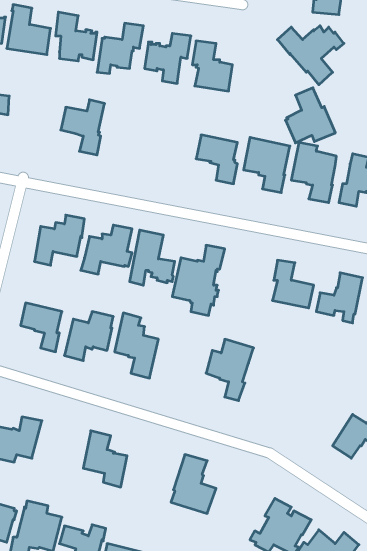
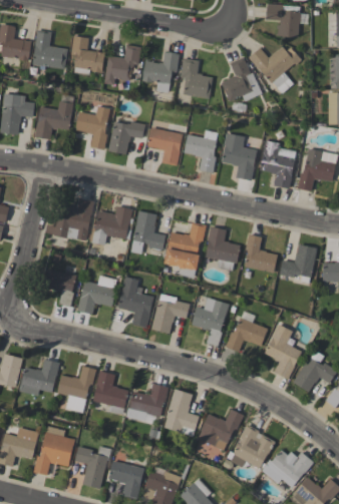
building: [285,88,335,143] -> [222,57,262,101]
building: none -> [34,100,73,139]
building: none -> [107,121,145,154]
building: none -> [147,127,183,165]
building: none -> [206,225,241,270]
building: none -> [151,294,191,333]
building: none -> [226,317,268,351]
building: none -> [265,324,302,378]
building: none -> [57,365,96,412]
building: none -> [126,383,167,420]
building: none -> [199,408,244,449]

